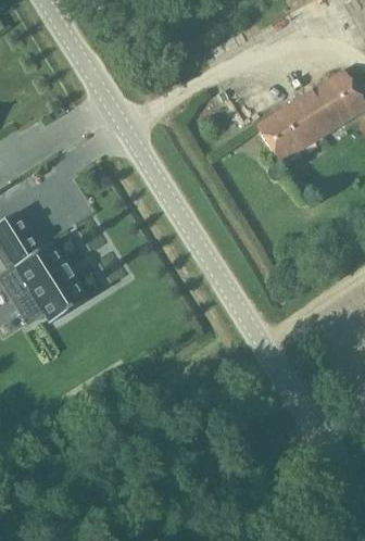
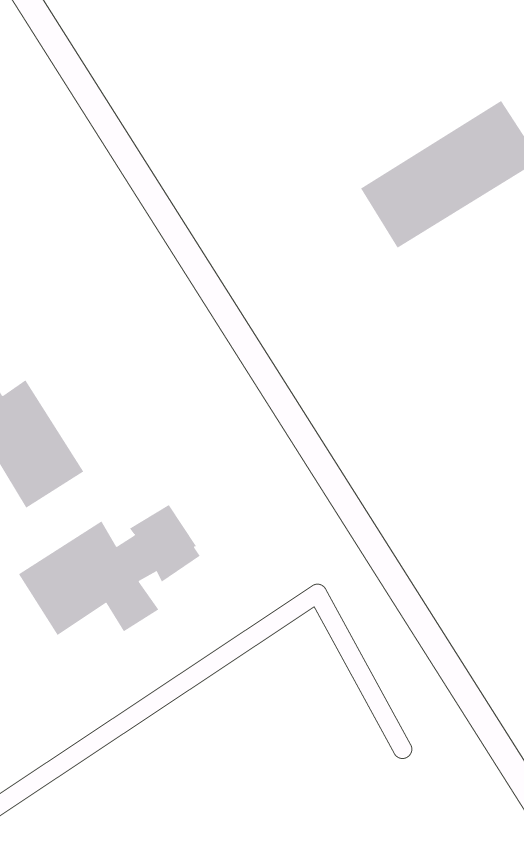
building: none -> [18,504,201,636]

